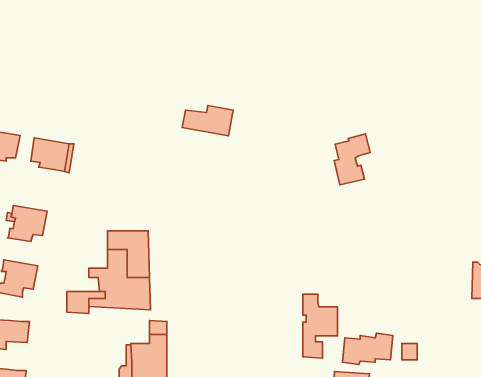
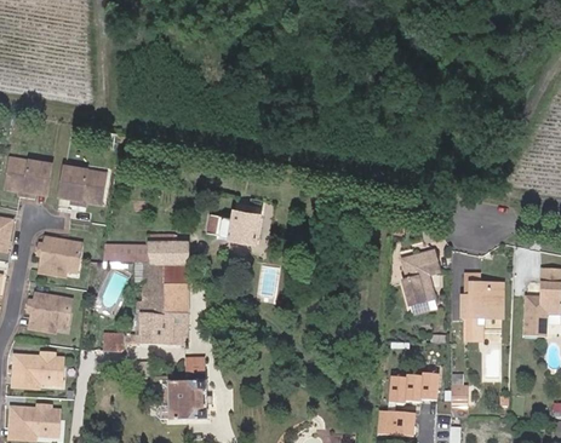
building: [182,106,233,136] -> [206,208,259,240]
building: [334,134,370,185] -> [399,249,436,303]
building: none -> [102,235,185,264]
building: [303,294,338,358] -> [462,270,498,336]

